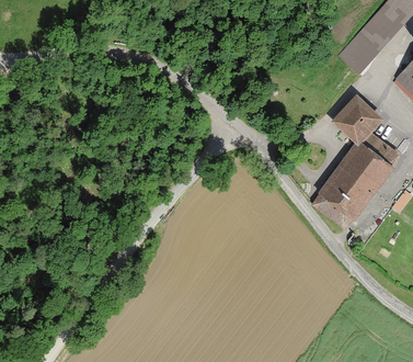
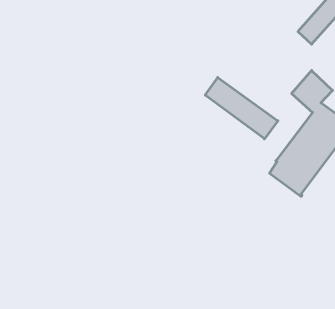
building: none -> [205,77,278,139]

